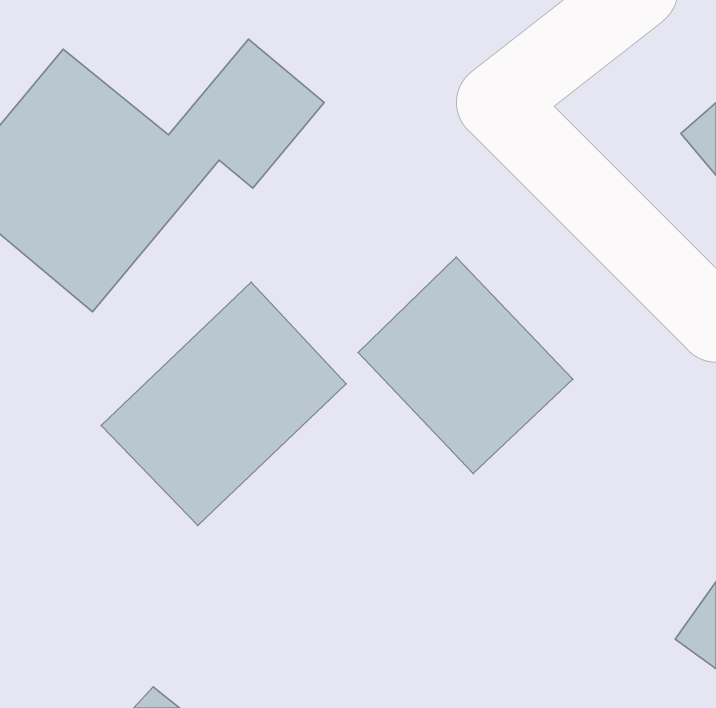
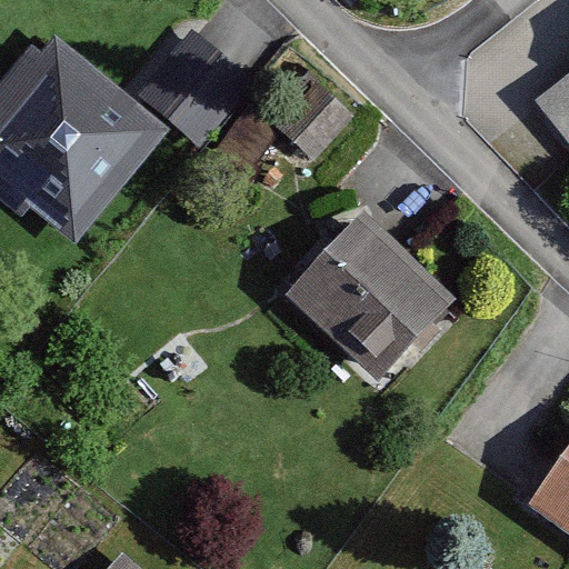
building: [101,282,346,526] -> none

